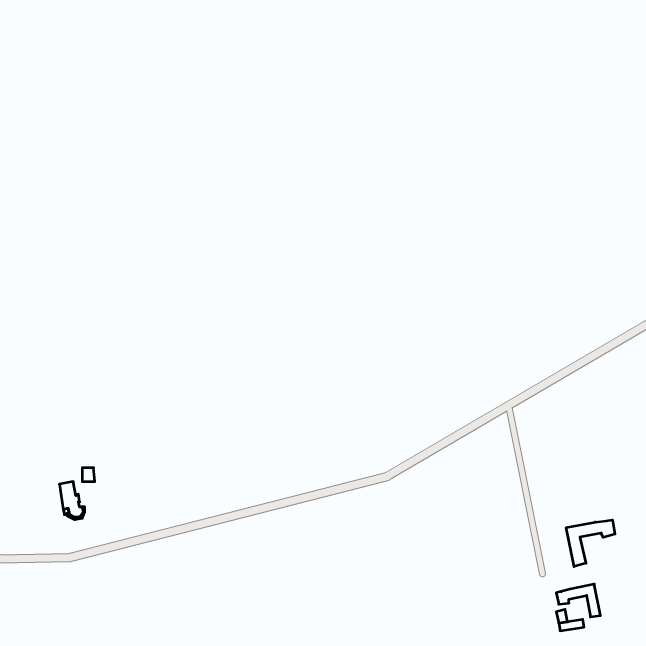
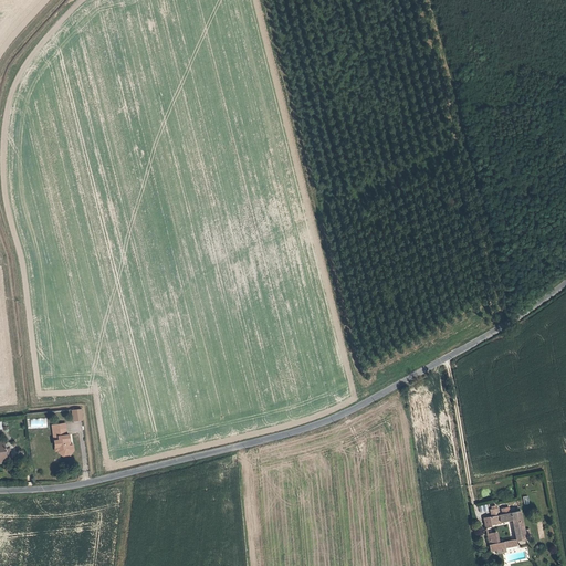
building: [566,520,615,567] -> none

